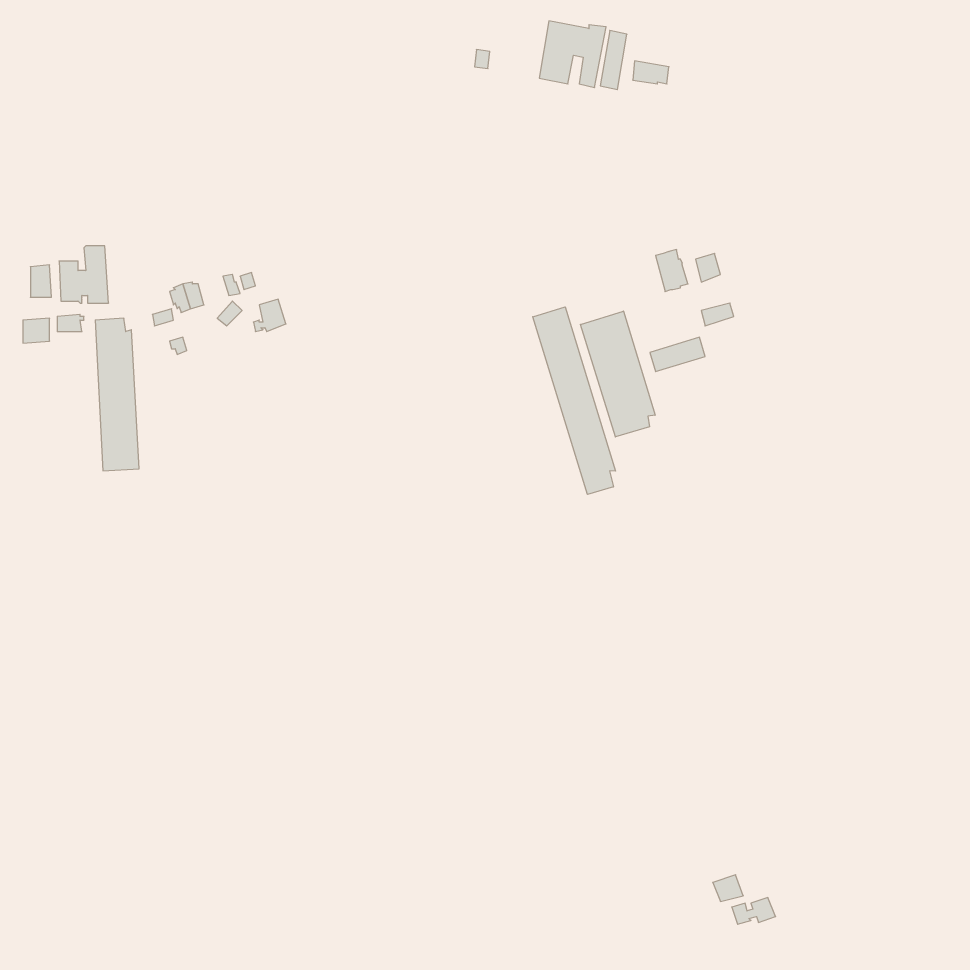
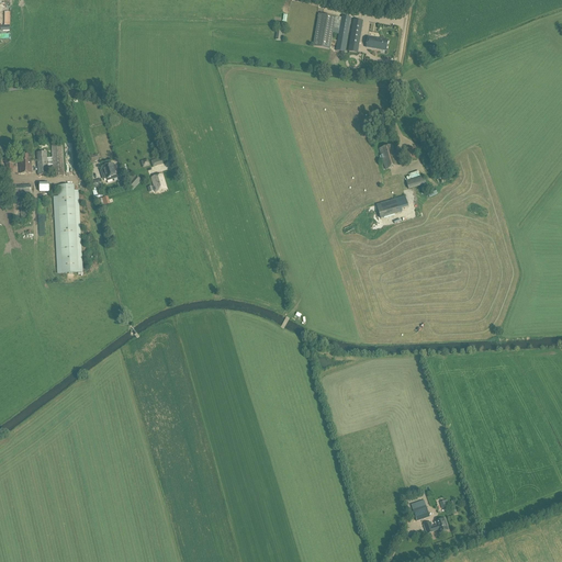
building: [533,307,615,494] -> none
building: [580,311,655,437] -> none

